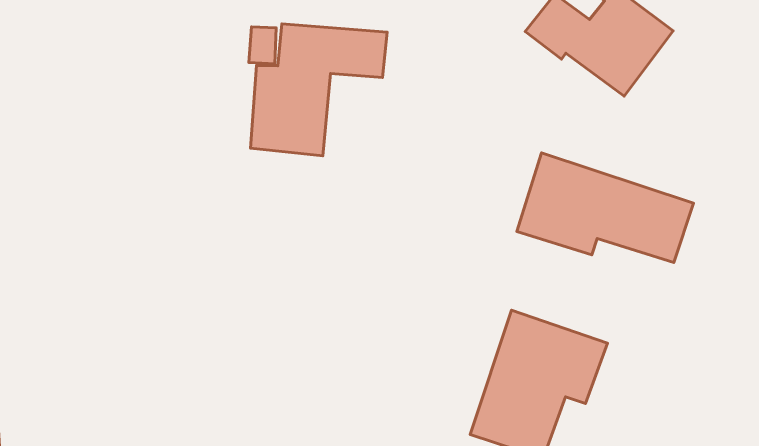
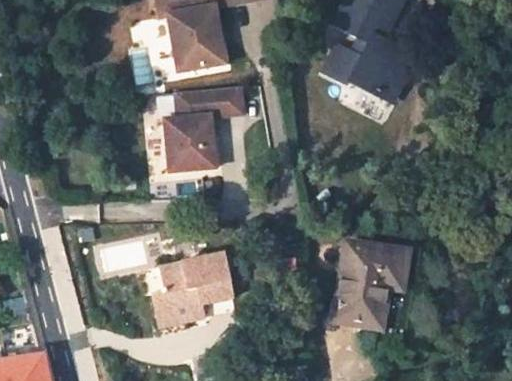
building: [517,153,694,263] -> none
building: none -> [152,253,235,327]

